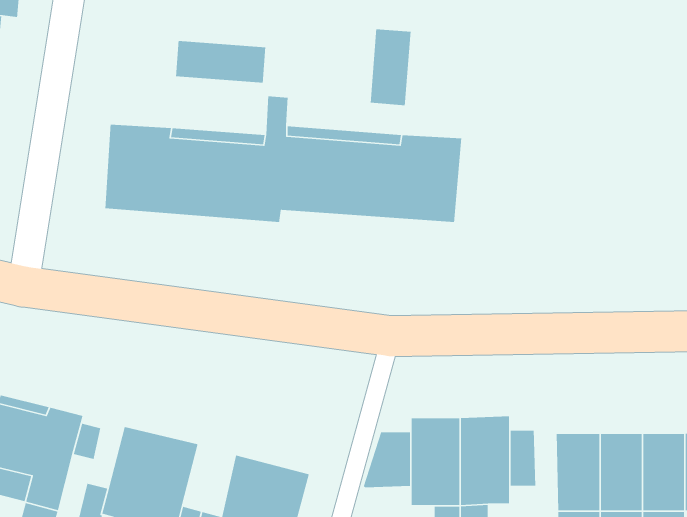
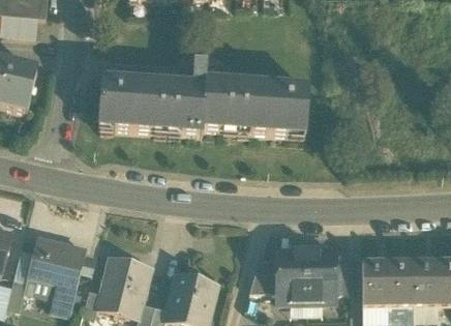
building: [370,29,411,106] -> none
building: [175,40,266,83] -> none

